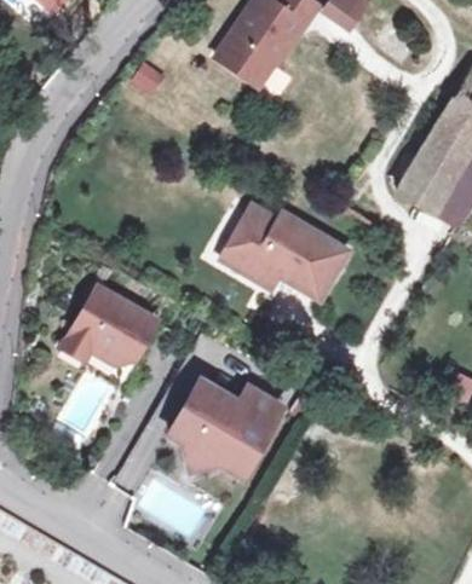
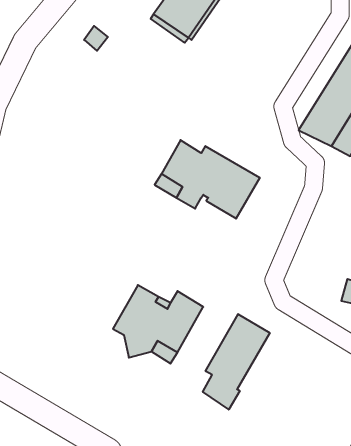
building: [62,285,156,360] -> none
building: none -> [203,314,270,410]

